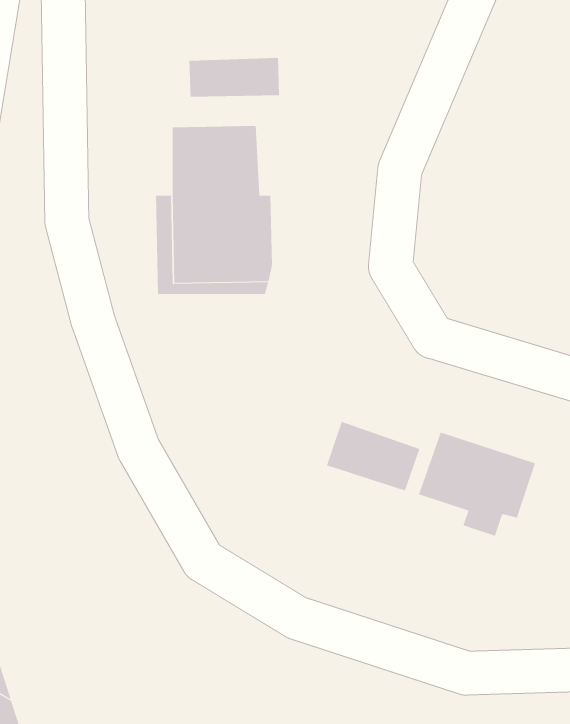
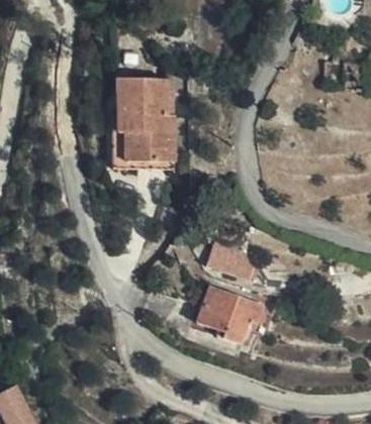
building: [189,57,279,97] -> none
building: [418,432,536,537] -> [196,294,261,351]

